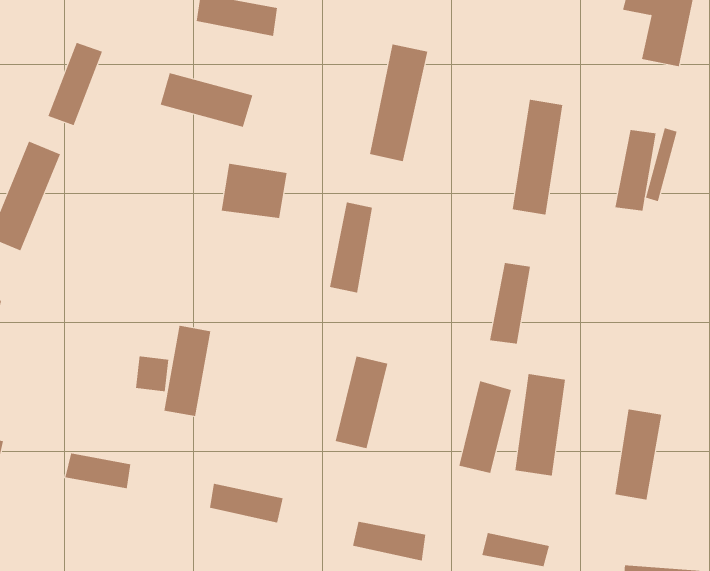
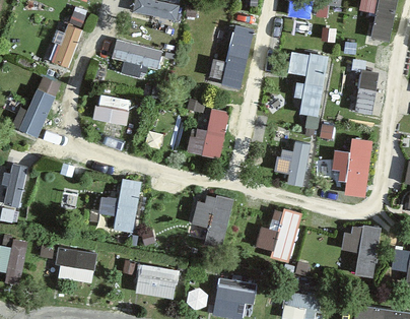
building: [221,163,287,218] -> [92,98,128,127]
building: [514,374,566,476] -> [343,143,370,198]

